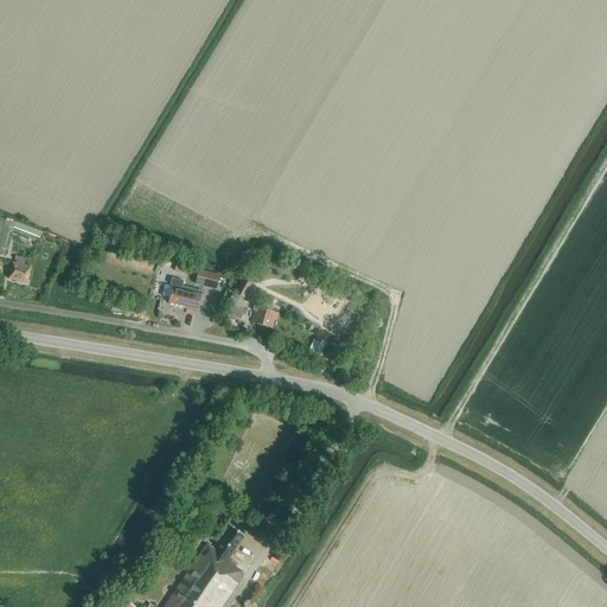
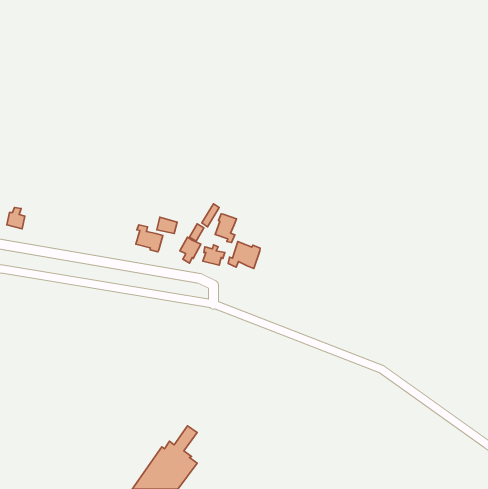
building: none -> [215,214,236,242]
building: none -> [228,241,260,268]

